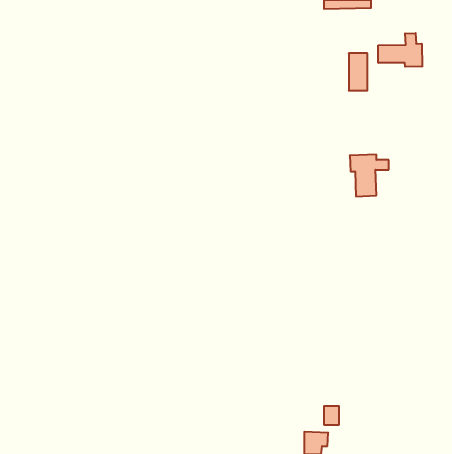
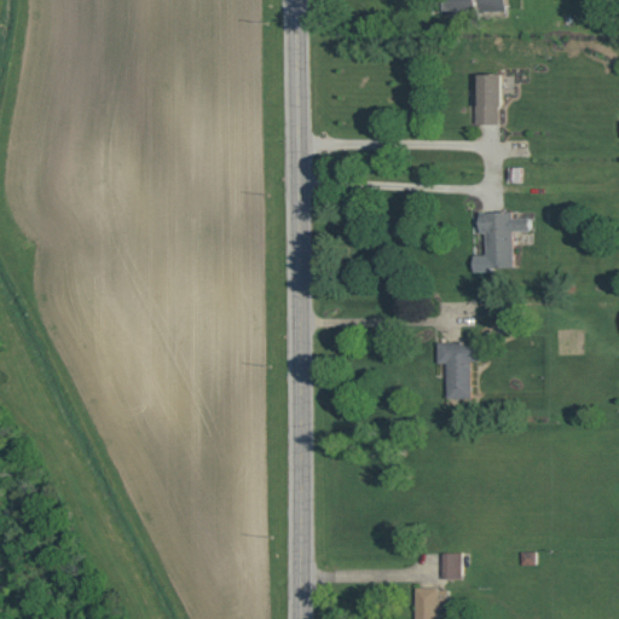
building: [378,33,422,67] -> none
building: none -> [435,342,478,399]

